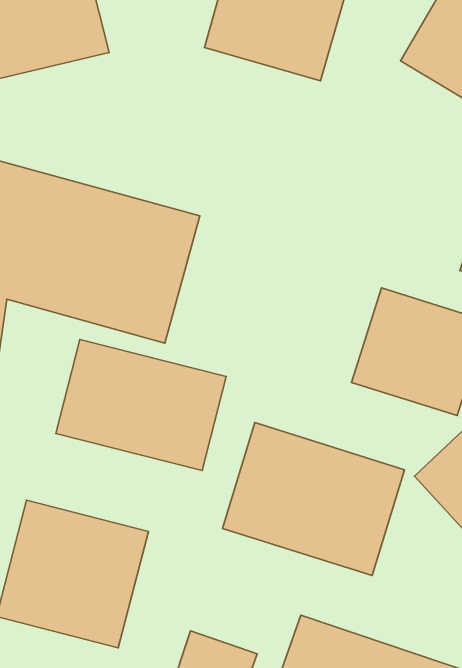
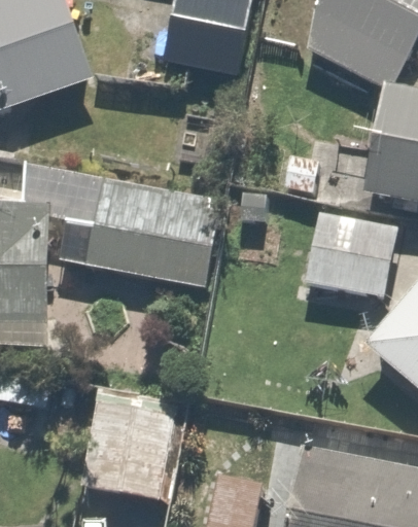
building: [56,340,226,470] -> none
building: [222,423,405,575] -> none

